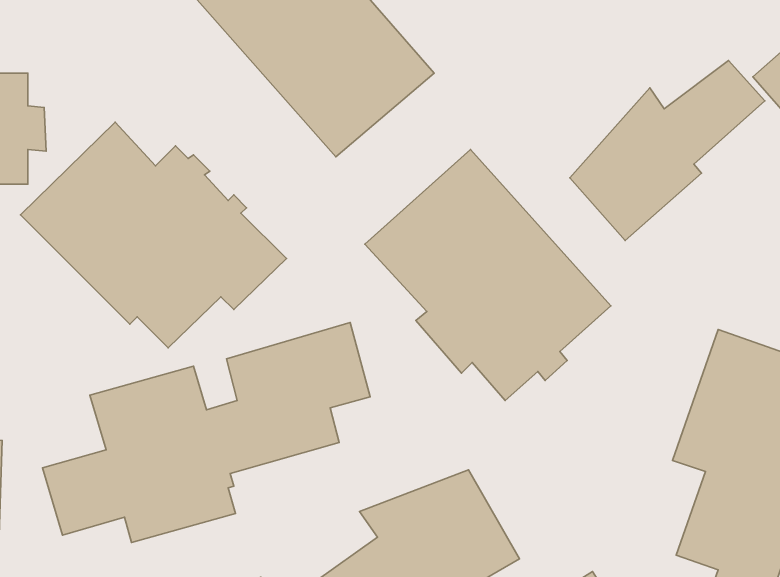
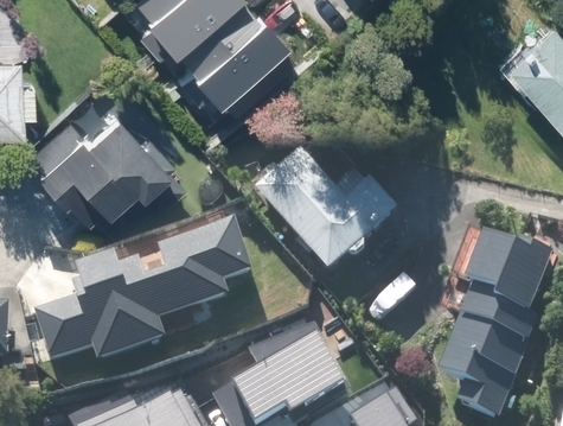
building: [570,60,765,240] -> none

